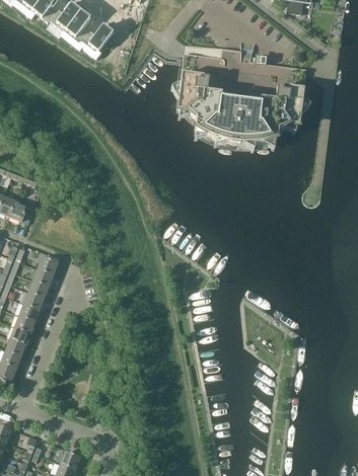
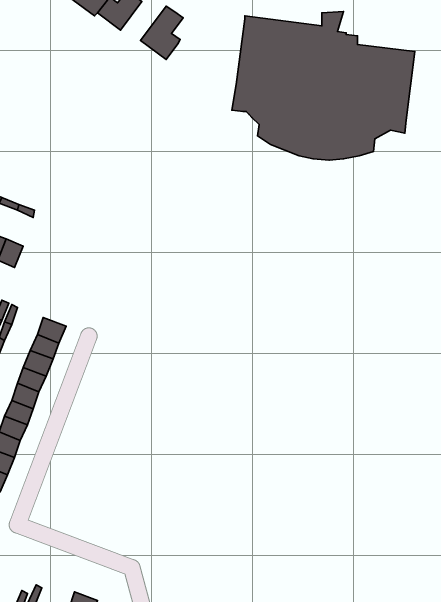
building: none -> [141,6,183,60]

